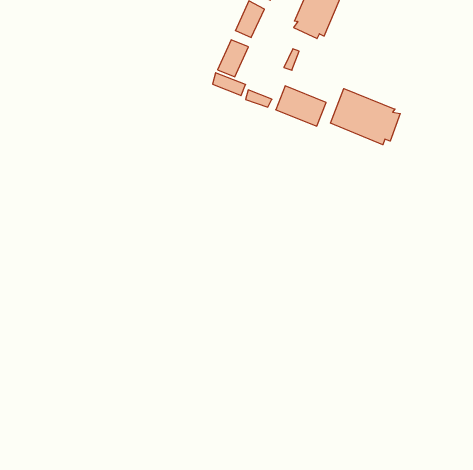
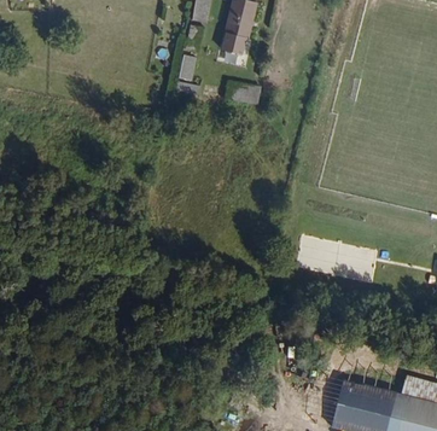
building: [330,89,400,145] -> none

